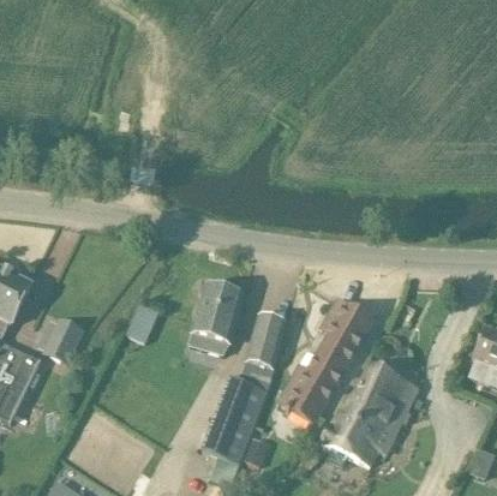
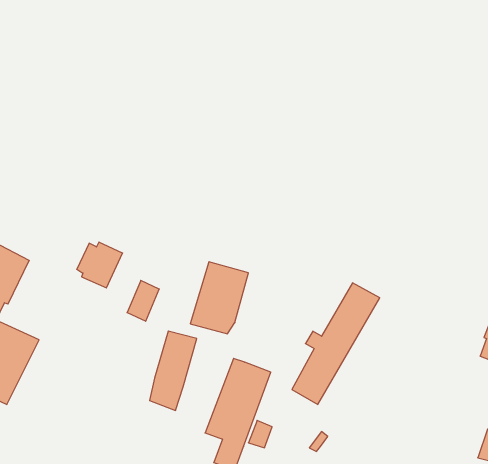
building: [241,313,287,390] -> [150,331,197,410]
building: [38,317,83,361] -> [77,242,123,288]
building: [319,363,418,465] -> none

